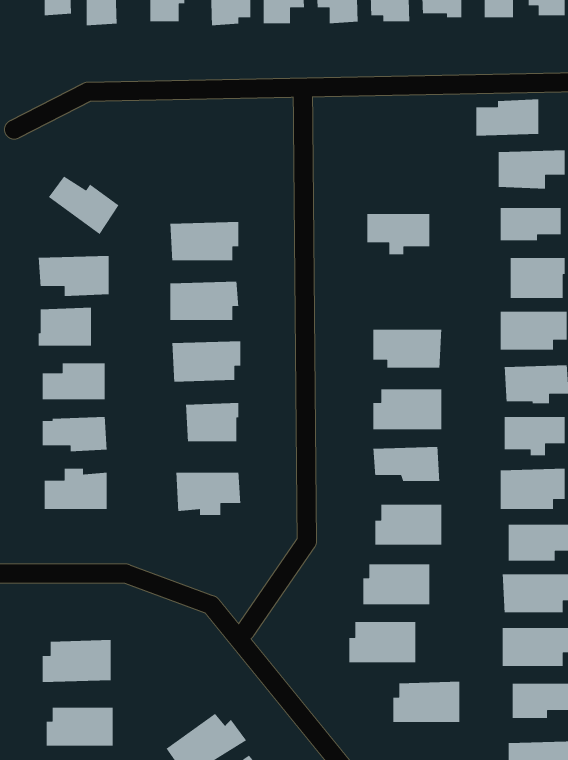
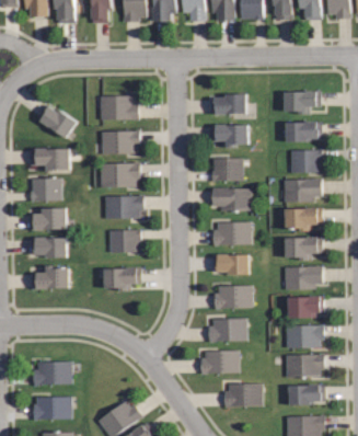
building: [475,99,539,136] -> [211,94,246,115]
building: none -> [97,96,137,121]
building: none -> [212,159,242,181]

